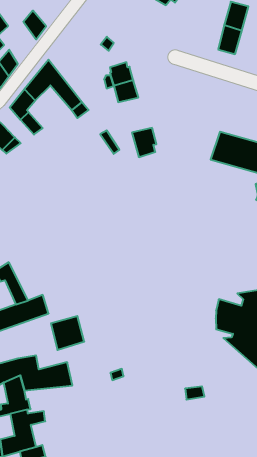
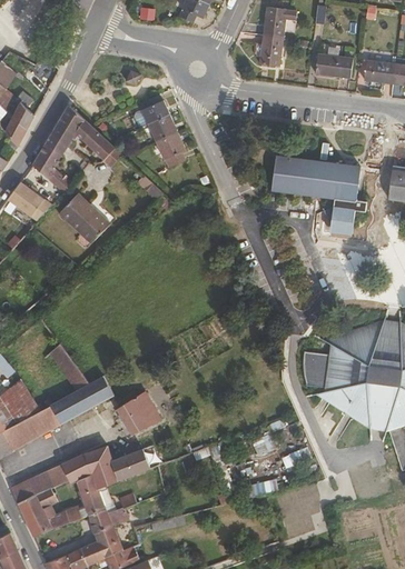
building: [132,128,156,157] -> [155,132,185,168]
building: none -> [60,192,112,243]

